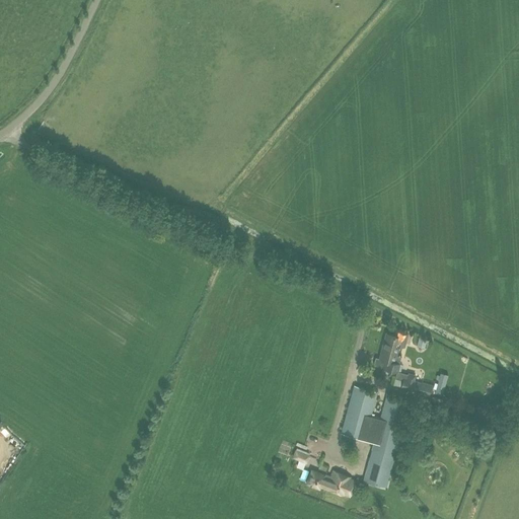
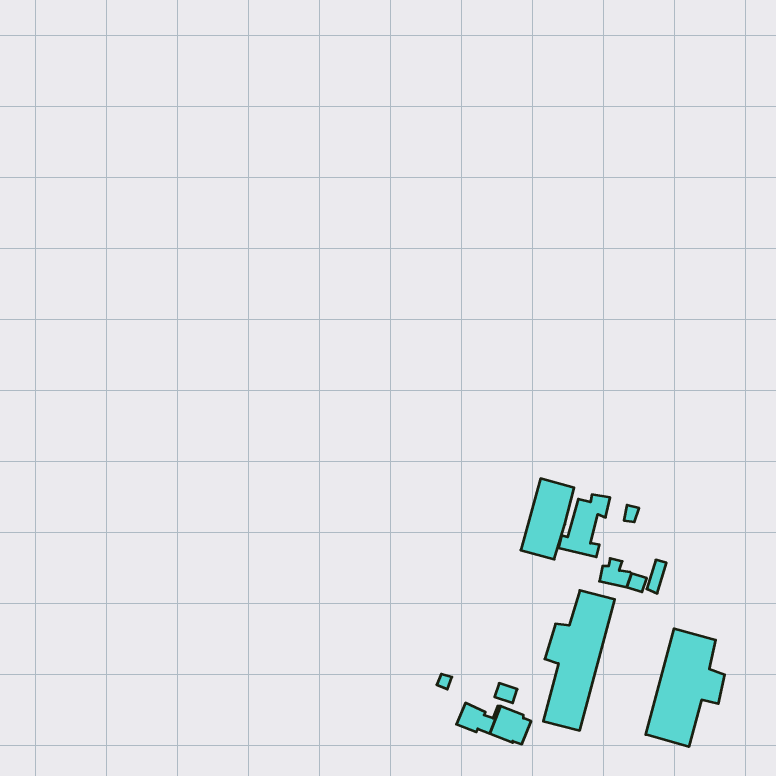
building: [341,386,376,440] -> [521,479,574,559]
building: none -> [646,629,725,747]

